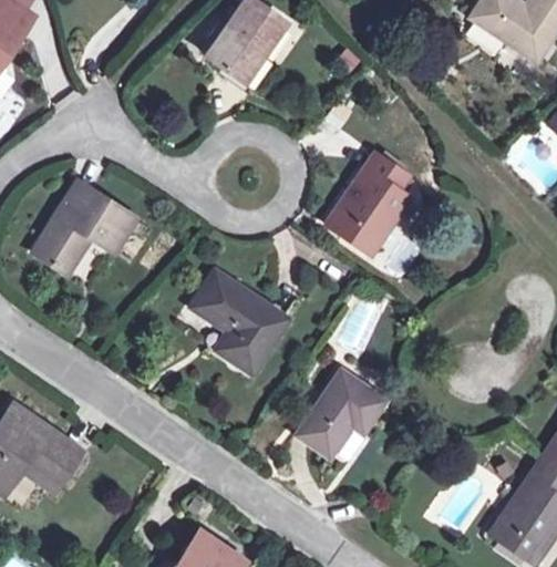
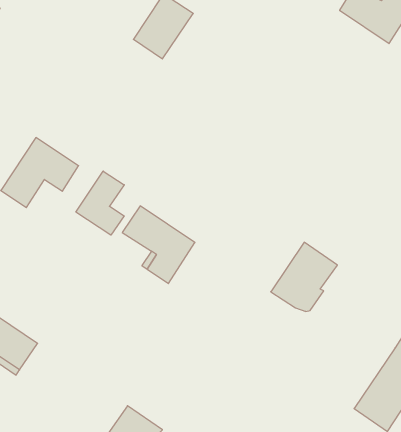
building: [326,153,409,252] -> none
building: none -> [76,171,124,235]
building: [296,369,382,458] -> [271,242,337,311]

